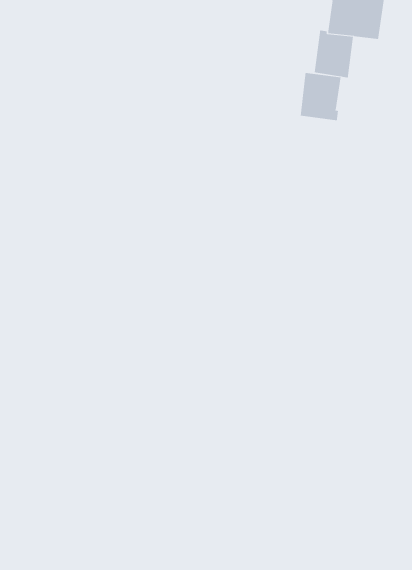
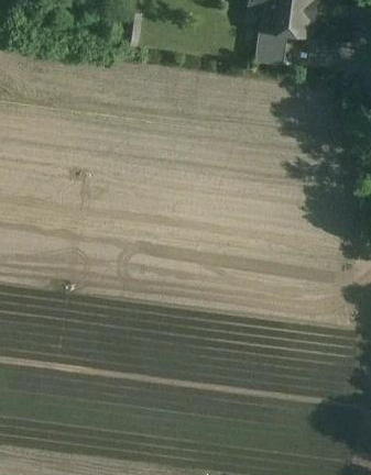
building: [300,72,341,121] -> none

